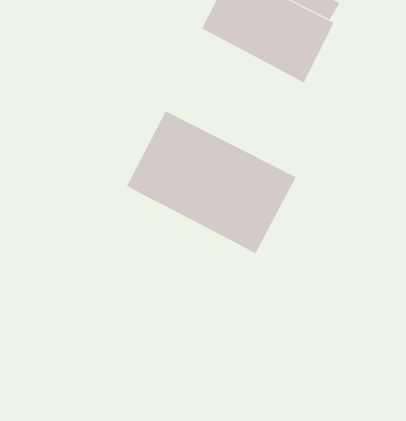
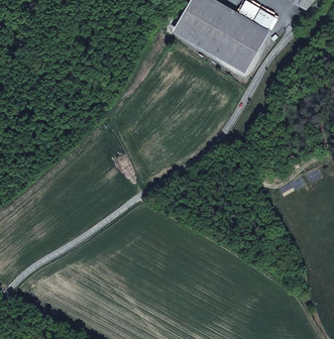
building: [126,111,297,254] -> none

